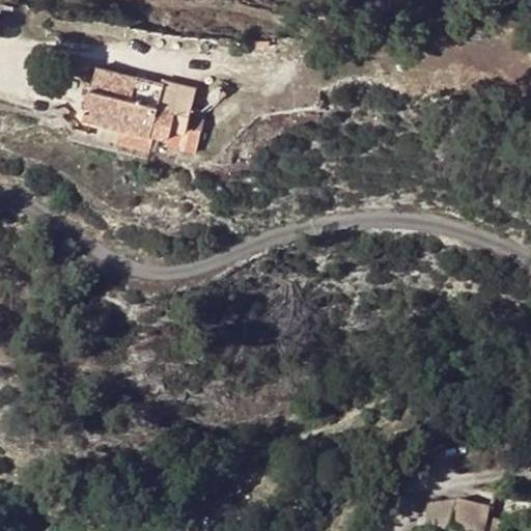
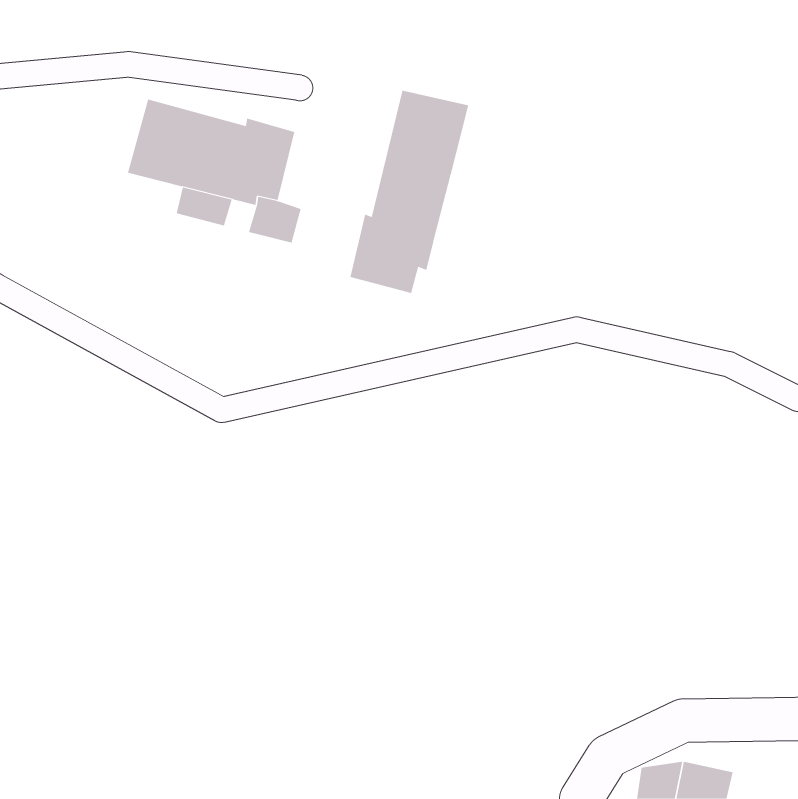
building: none -> [350,90,469,294]

